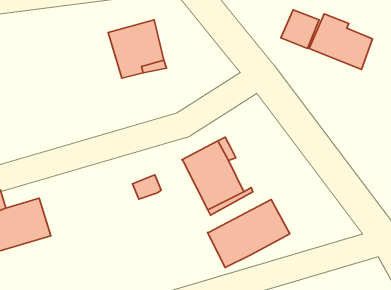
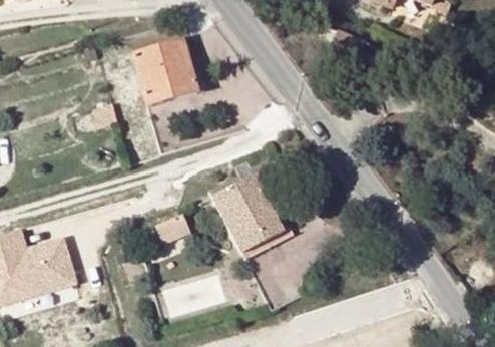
building: [309,14,373,70] -> none
building: [207,200,290,267] -> none

